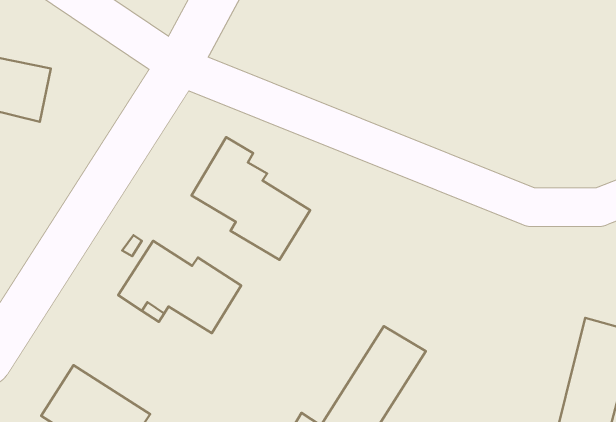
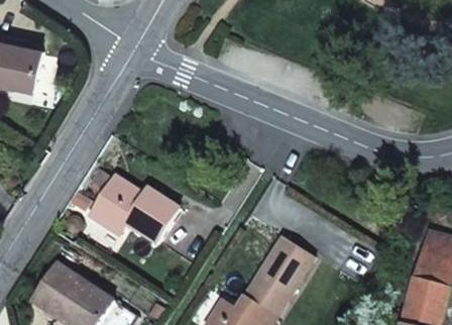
building: [192,137,310,260] -> none

